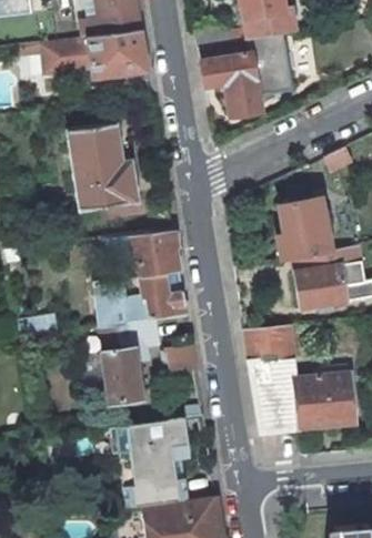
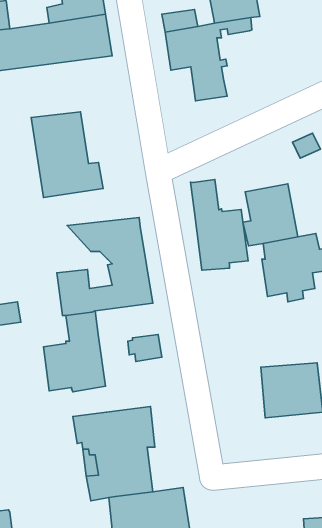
building: [251,44,290,94] -> none
building: none -> [190,180,248,270]
building: [245,325,299,433] -> none

